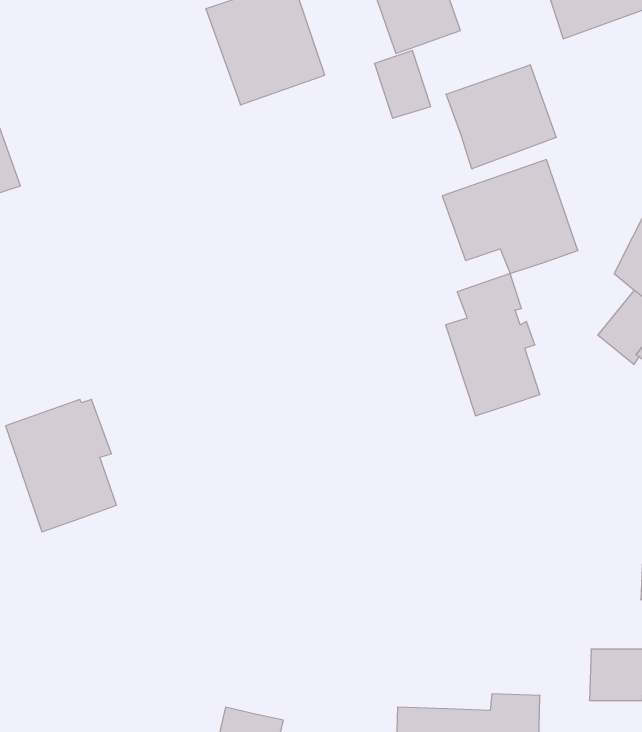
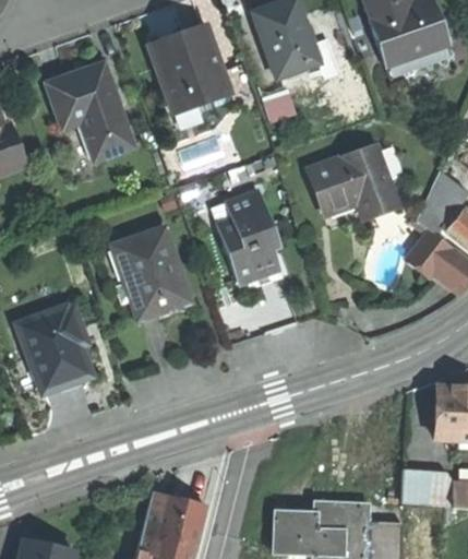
building: none -> [47,64,132,158]
building: [446,65,556,169] -> none
building: [446,274,540,416] -> [217,191,279,285]
building: none -> [112,227,184,320]

